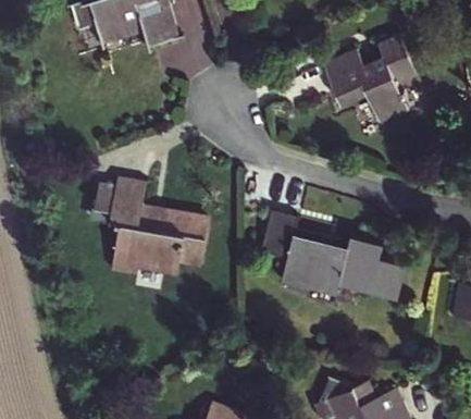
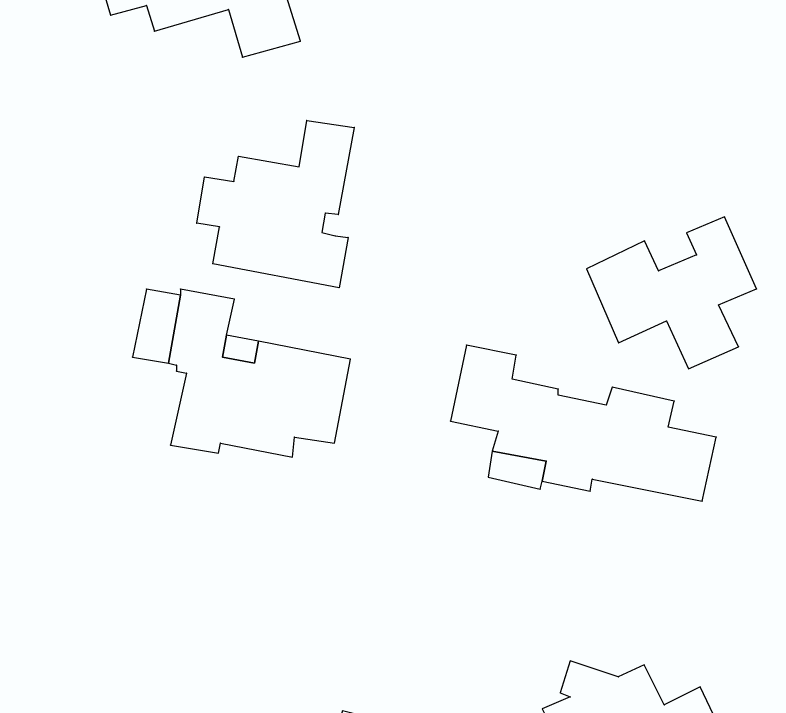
building: [327,42,420,125] -> [587,217,757,369]
building: none -> [197,120,354,288]

